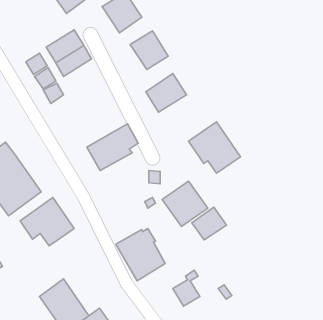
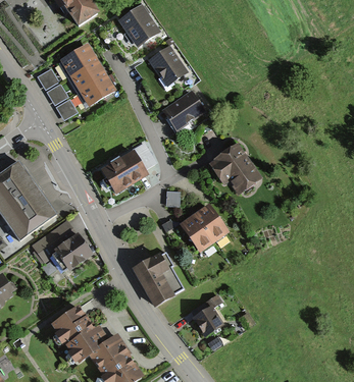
building: none -> [77,74,116,109]
building: [192,207,227,240] -> none

